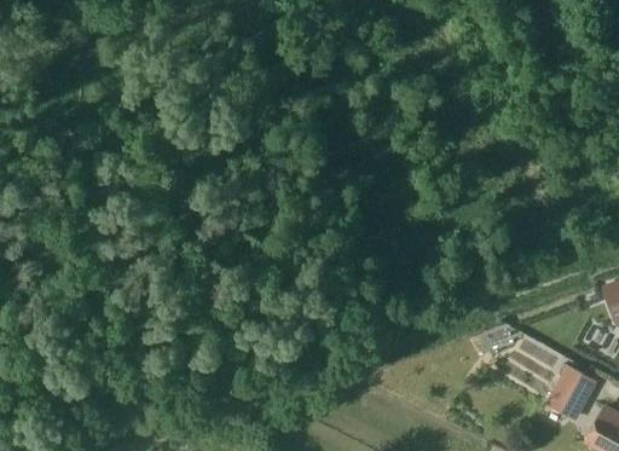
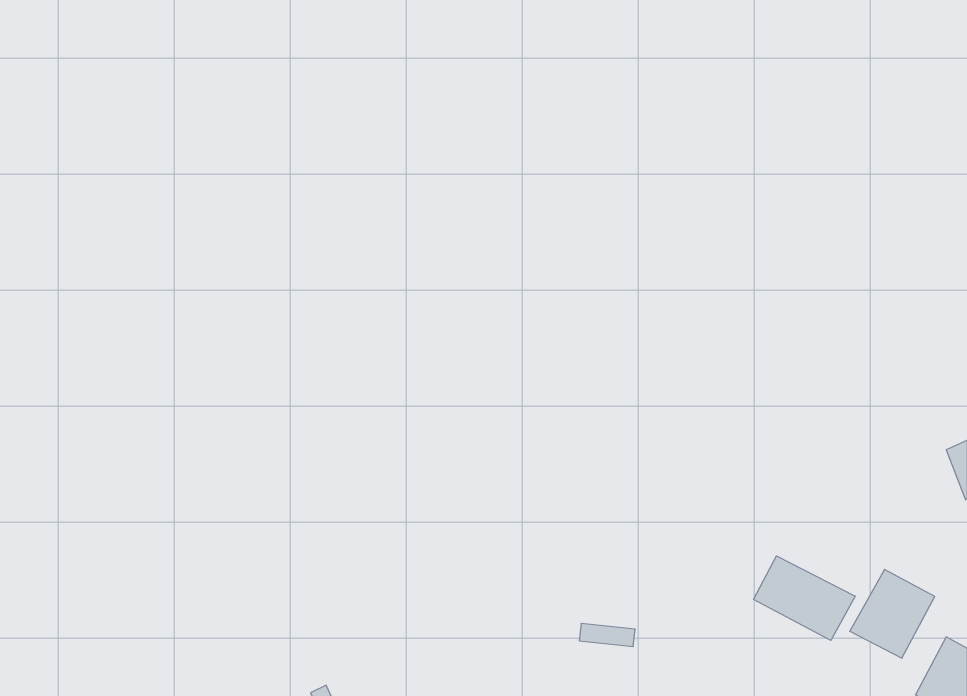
building: none -> [754,556,855,640]

